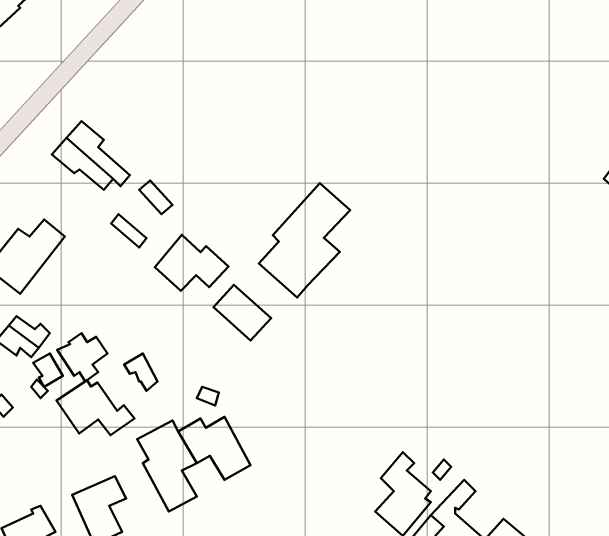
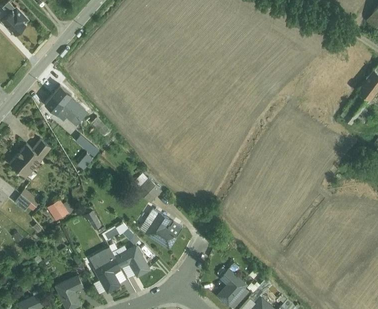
building: [259,183,350,298] -> none
building: [155,235,229,291] -> none
building: none -> [139,208,182,248]
building: [56,380,135,435] -> none

